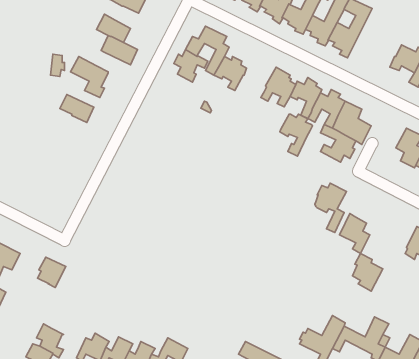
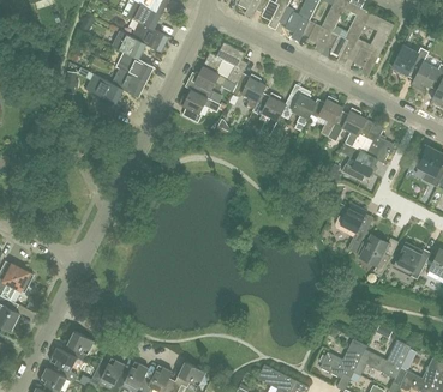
building: none -> [131,22,169,52]
building: none -> [391,44,429,74]
building: none -> [179,90,221,122]
building: [60,94,94,122] -> [112,68,146,97]
building: [280,114,313,156] -> [252,92,286,135]
building: [352,253,383,291] -> [397,241,429,279]
building: [38,257,66,288] -> [66,330,95,361]

